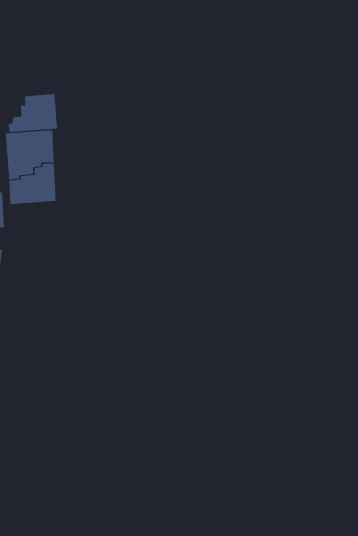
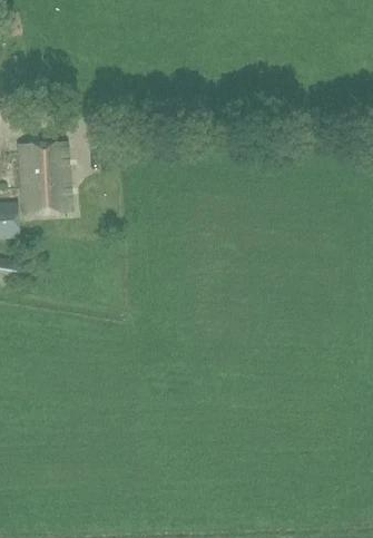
building: [8,93,57,133] -> none

